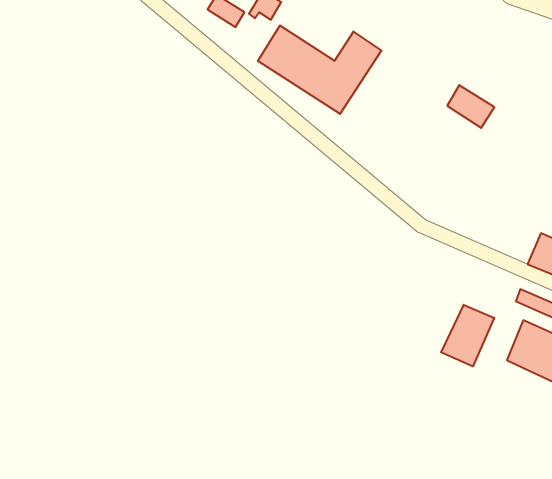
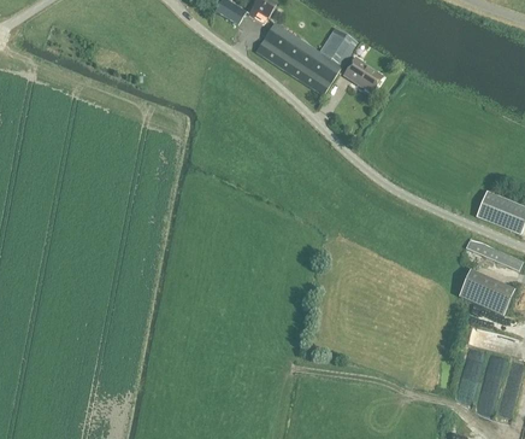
building: [447,85,494,128] -> [343,57,382,92]
building: [441,305,494,366] -> none

